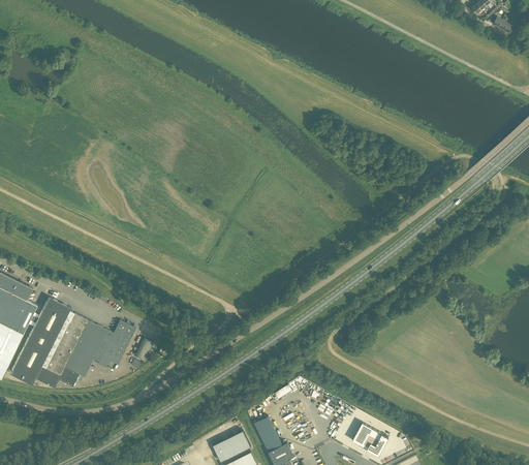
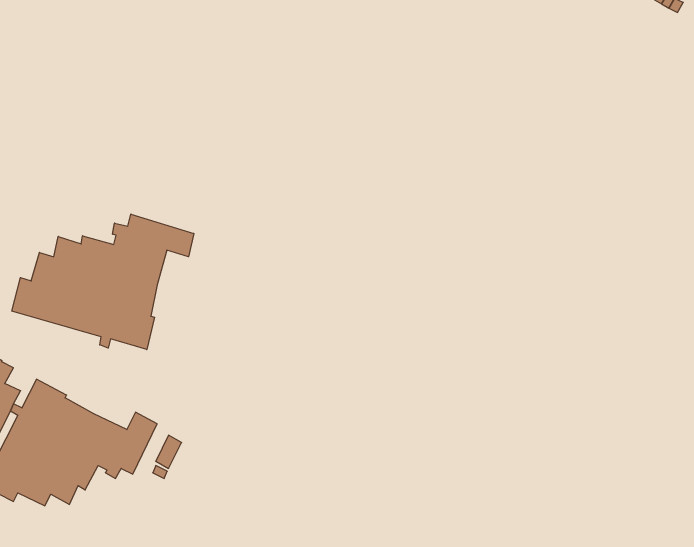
building: none -> [12,214,194,350]

